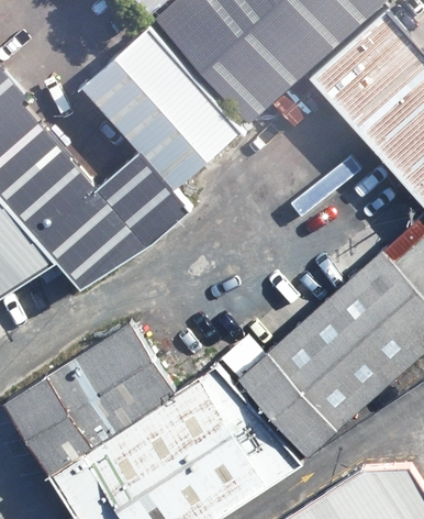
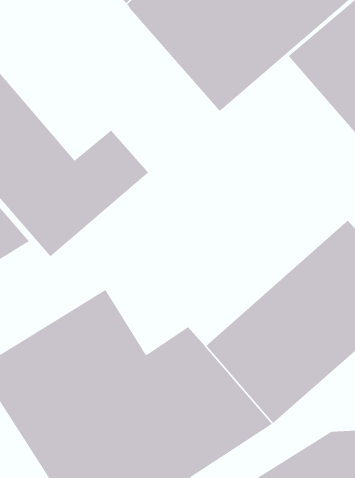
building: [82,34,247,202] -> none

